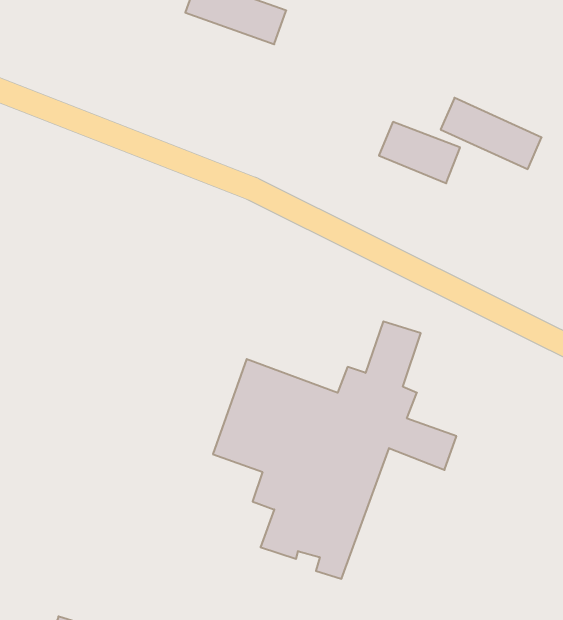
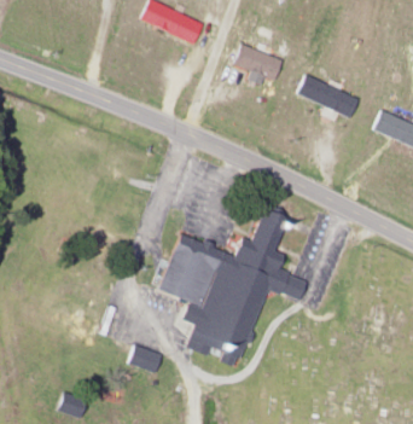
building: [379,122,460,183] -> [233,43,283,81]
building: none -> [128,344,162,372]

